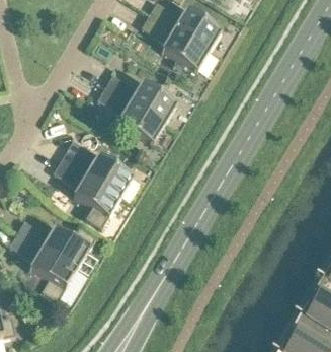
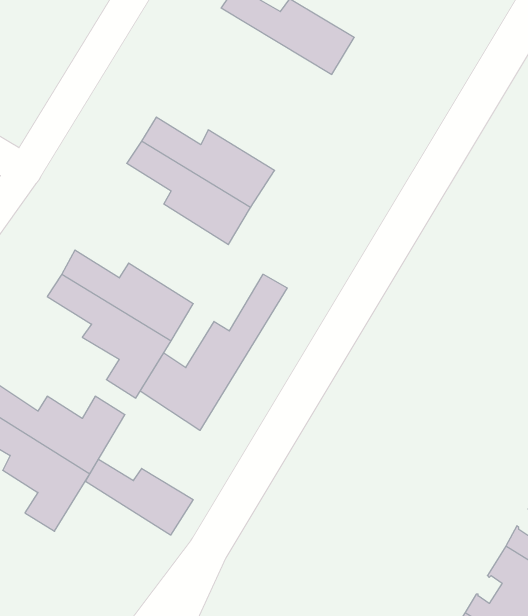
building: [139,13,206,70] -> none
building: none -> [140,274,287,430]
building: none -> [85,459,193,535]

